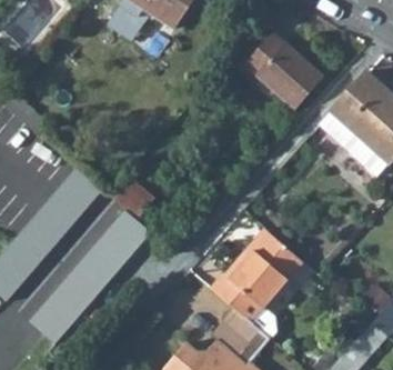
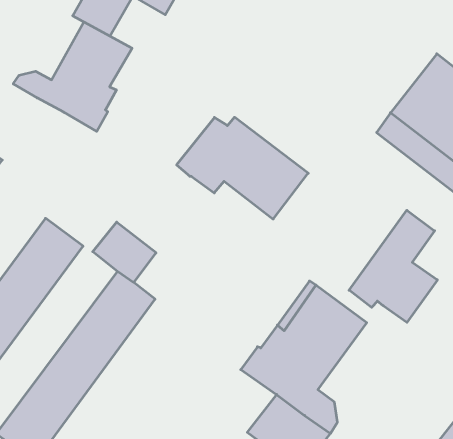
building: none -> [13,22,132,131]
building: [228,31,322,108] -> [177,117,308,219]
building: none -> [349,210,437,322]

